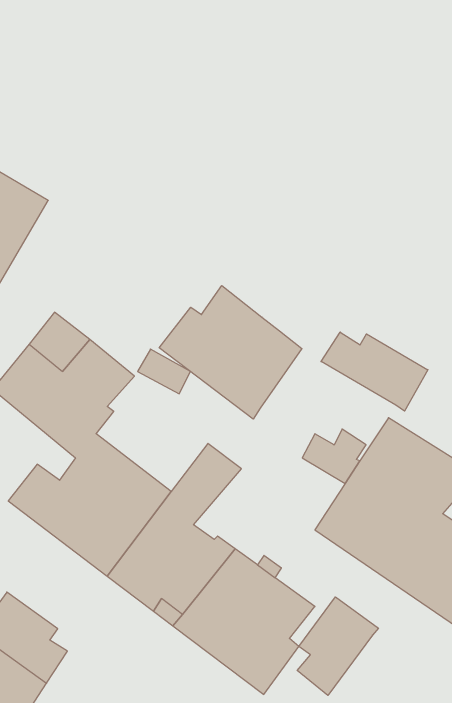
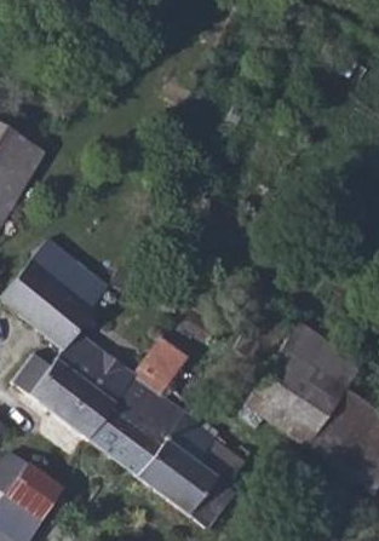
building: [159,286,302,419] -> none
building: [321,332,428,411] -> none
building: [297,597,378,695] -> none

